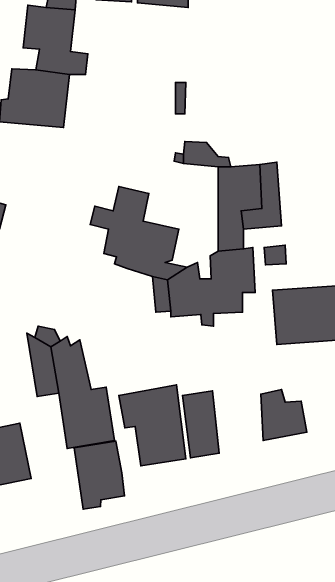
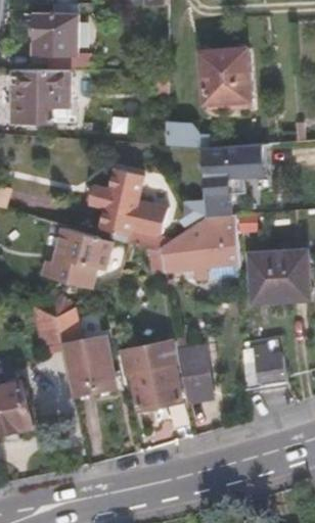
building: none -> [208,53,251,107]
building: none -> [38,223,109,281]
building: [74,441,124,509] -> none

